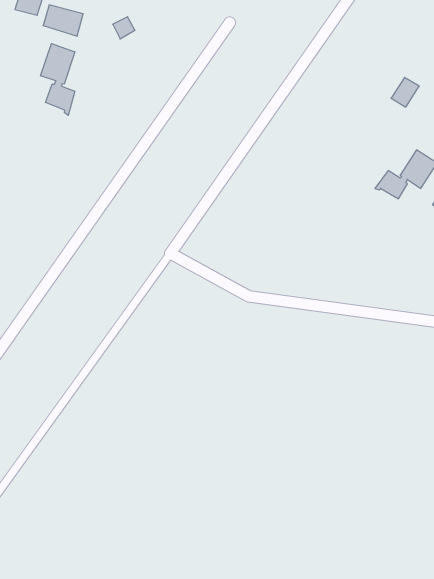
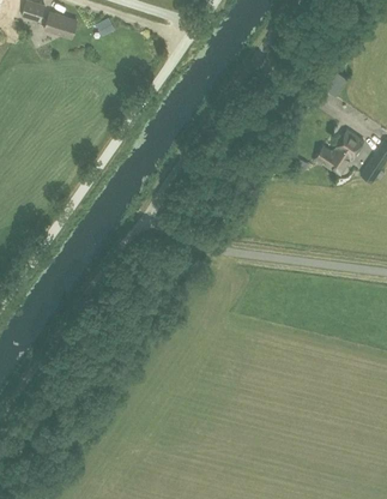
building: [41,44,75,115] -> none

